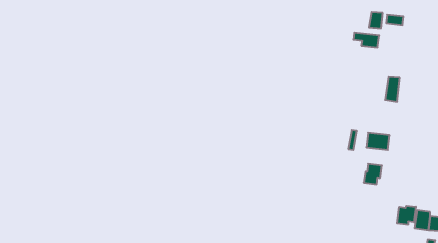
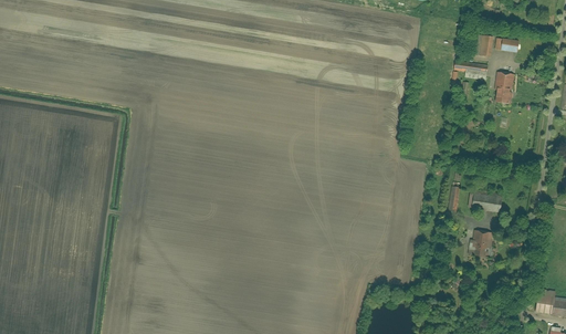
building: [385,77,400,102] -> [494,72,513,104]
building: [397,206,416,225] -> none

